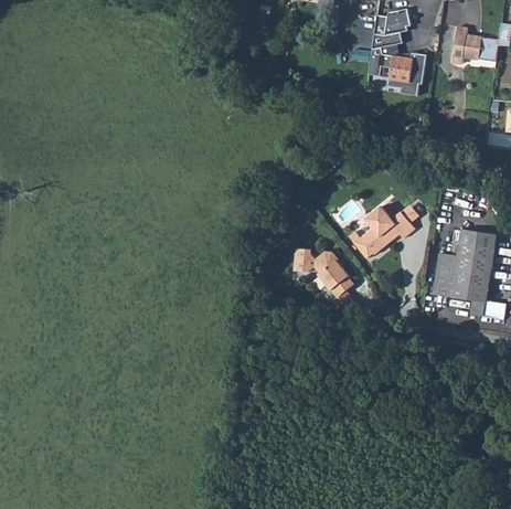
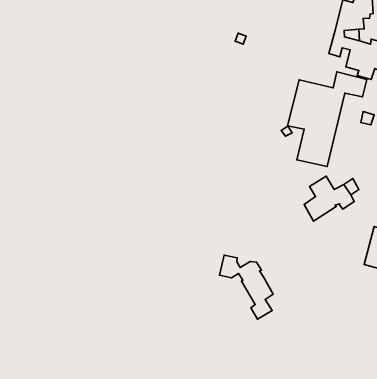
building: none -> [287,72,367,166]
building: [294,248,354,312] -> [220,255,273,319]

